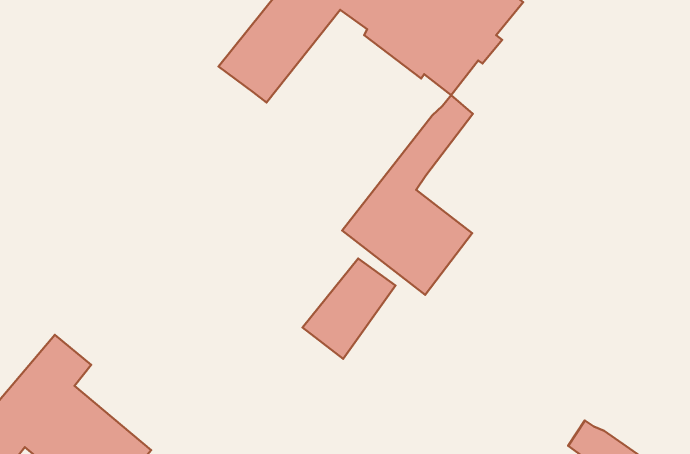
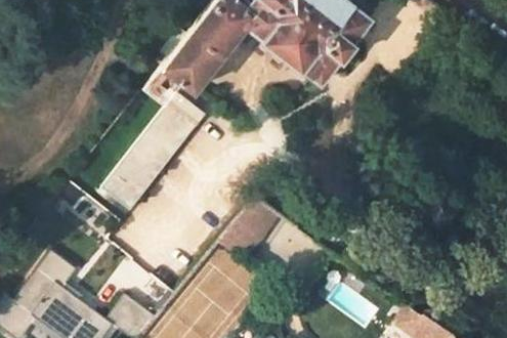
building: none -> [102,64,206,209]
building: [342,95,473,295] -> none

